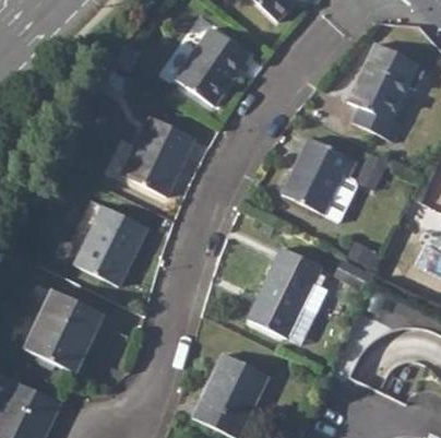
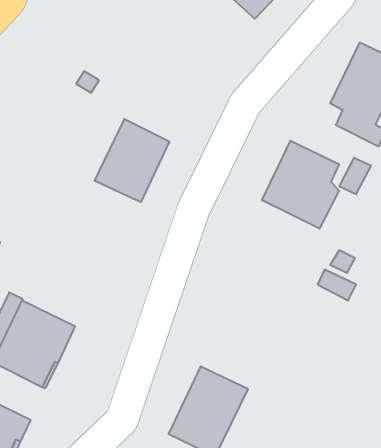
building: [175,27,250,106] -> none
building: [74,205,147,285] -> none
building: [248,247,330,344] -> none

